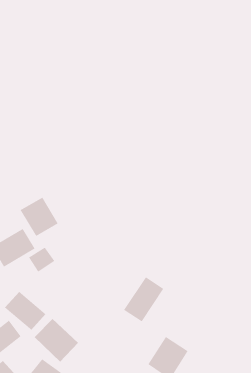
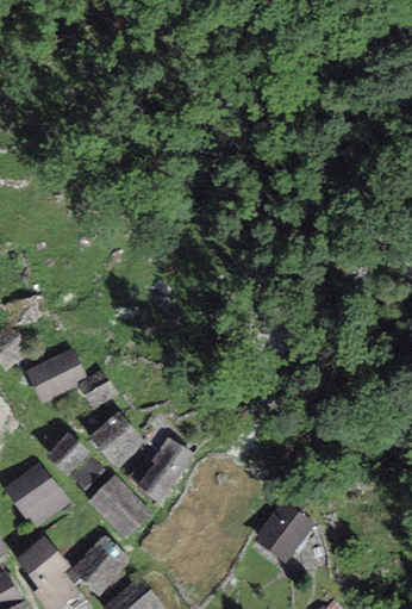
building: [20,197,58,237] -> none
building: none -> [90,412,146,467]
building: [123,276,164,322] -> [135,435,194,502]

